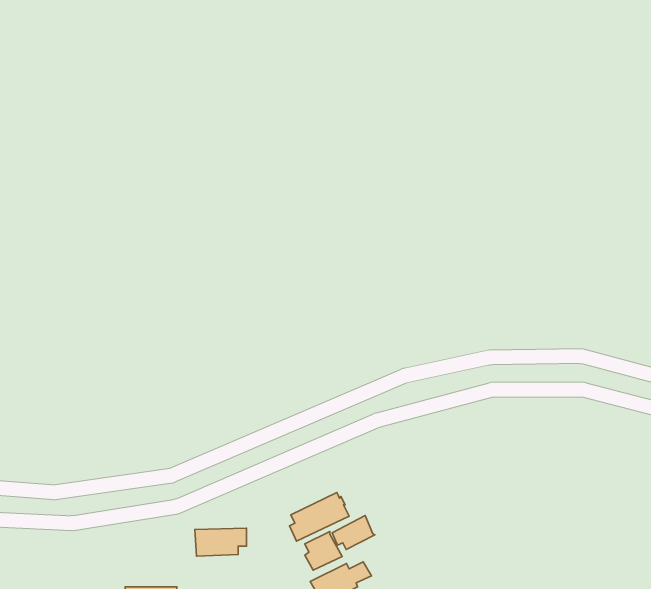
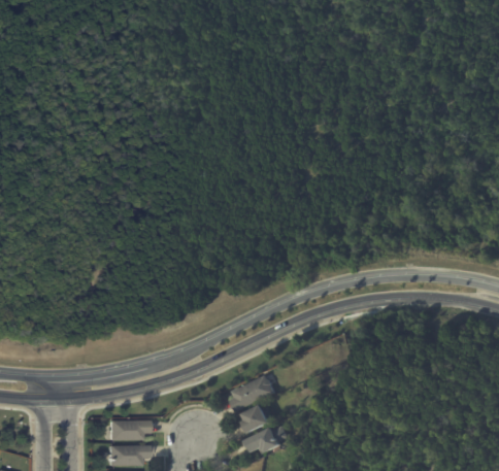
building: [332,516,375,549] -> none
building: [195,528,246,556] -> [107,419,145,440]

